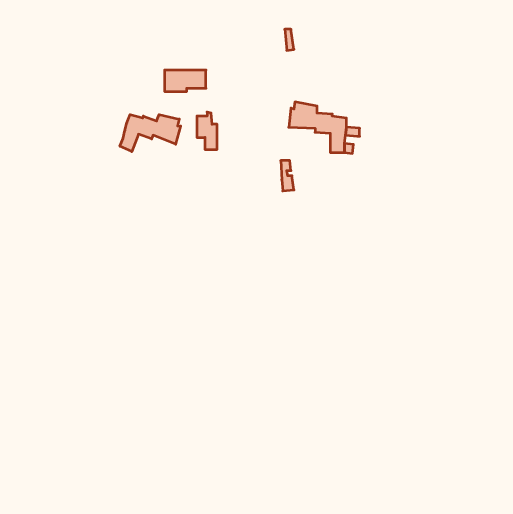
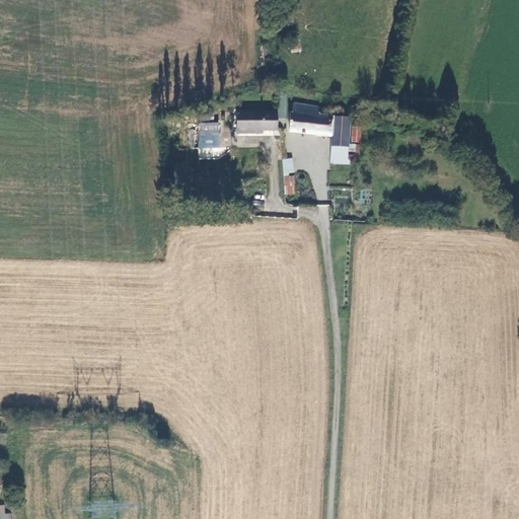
building: [165,70,206,91] -> [235,114,277,135]
building: [120,115,181,152] -> none

